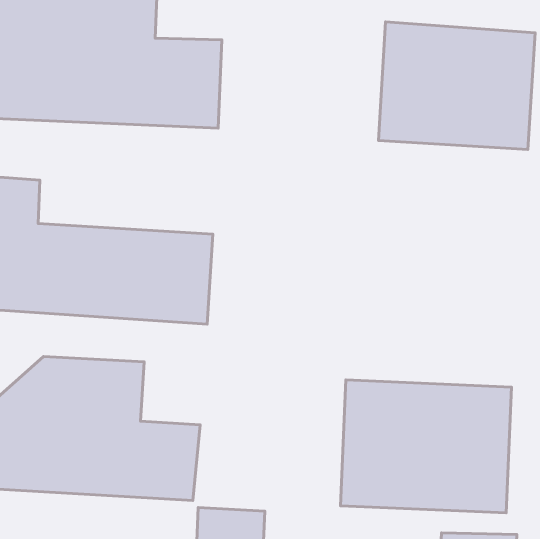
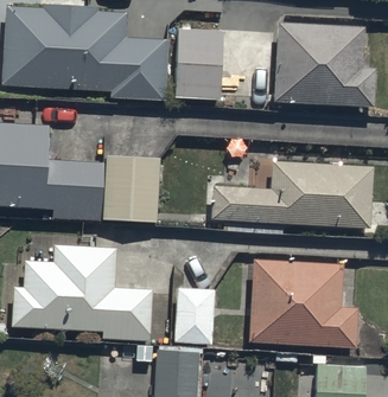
building: none -> [171,30,222,98]
building: none -> [211,164,375,229]
building: none -> [172,288,212,344]

